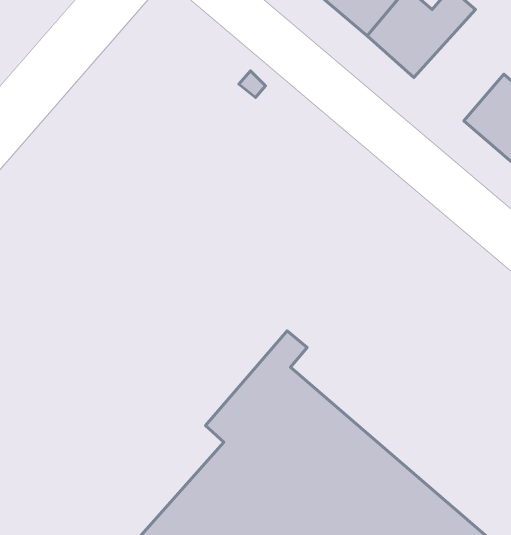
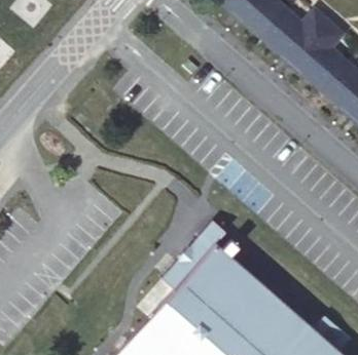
building: none -> [291,24,347,92]

